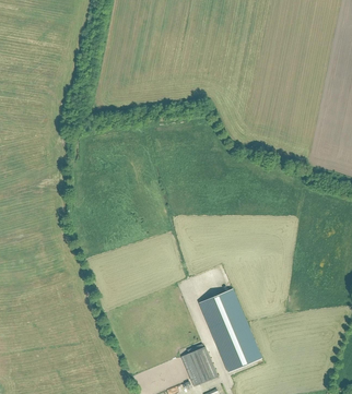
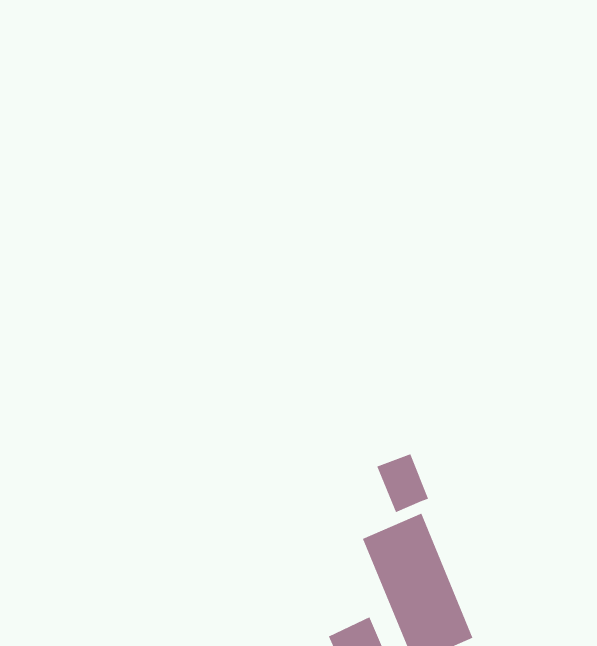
building: none -> [376,453,429,513]

